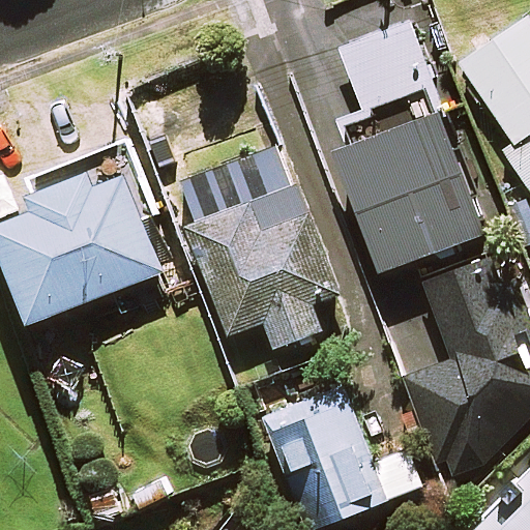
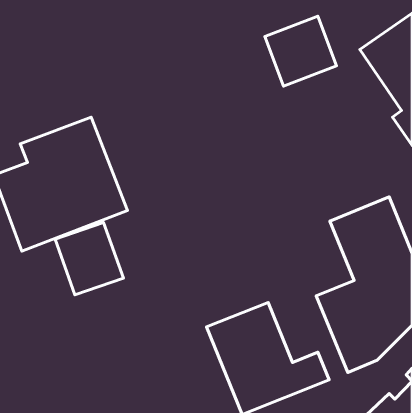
building: [334,114,483,272] -> none
building: [181,149,324,349] -> none
building: none -> [55,222,123,295]

